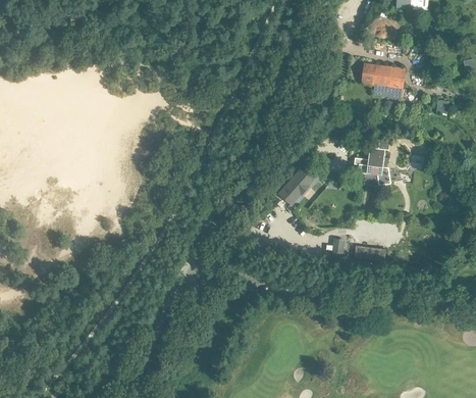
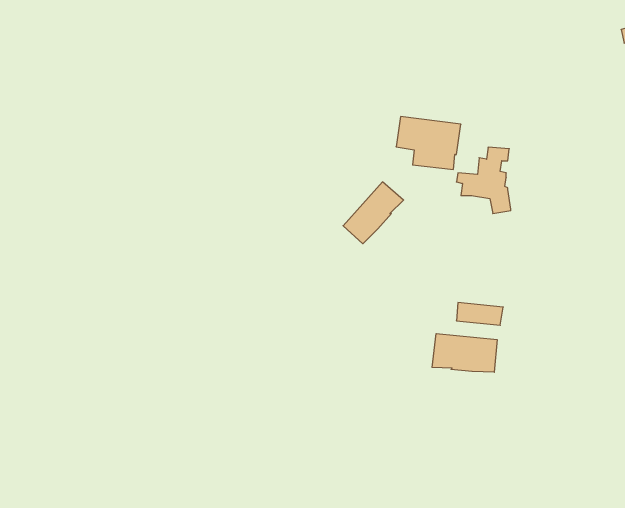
building: [361,63,405,99] -> [396,117,461,169]
building: none -> [432,334,497,372]

